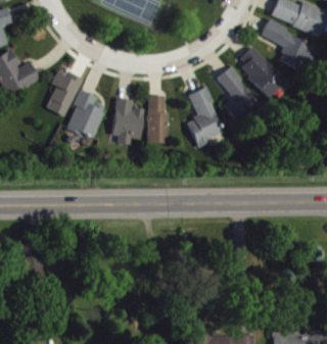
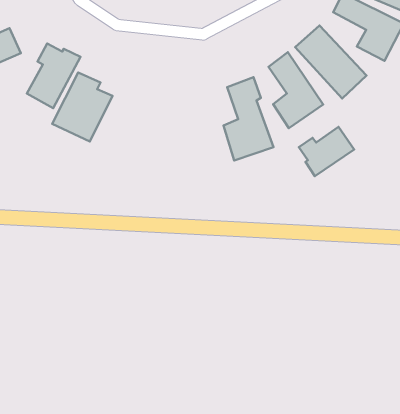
building: [148,95,169,143] -> none
building: [110,98,144,144] -> none
building: none -> [299,127,354,176]

